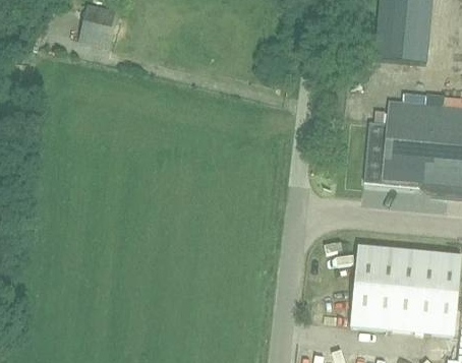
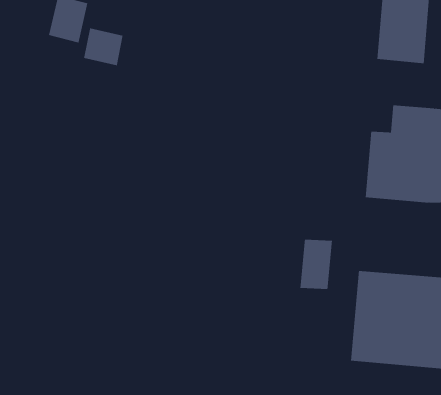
building: none -> [83,27,123,66]
building: none -> [300,239,332,290]

